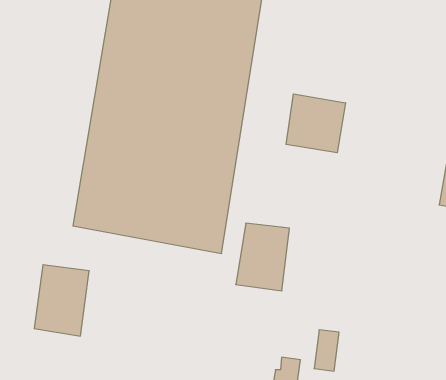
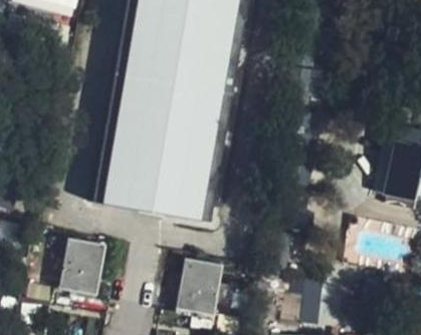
building: [286,94,346,153] -> none
building: [236,223,289,291] -> [178,257,221,311]

